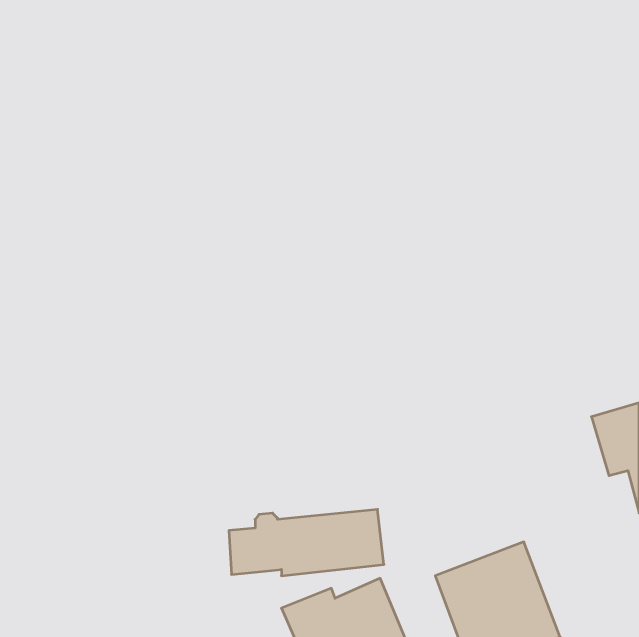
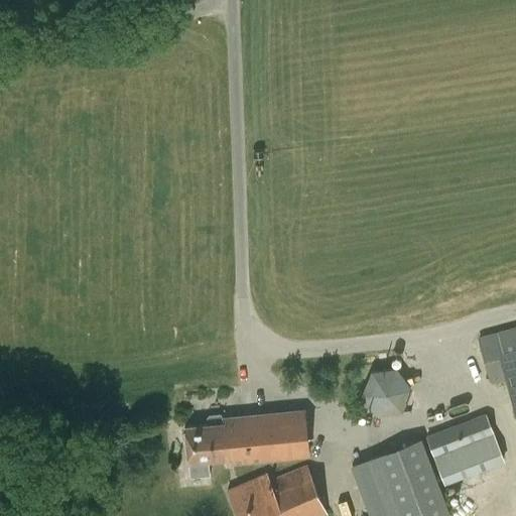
building: none -> [363,368,406,416]
building: none -> [426,413,505,486]

